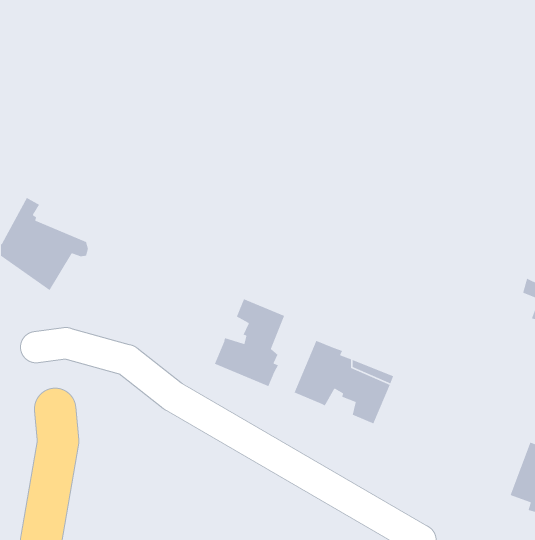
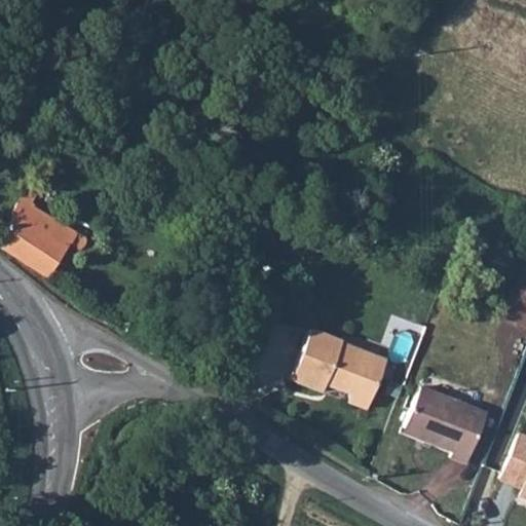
building: [214,298,285,387] -> none
building: none -> [405,385,487,461]

